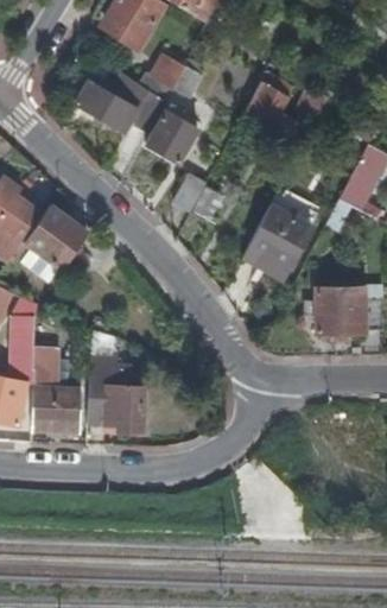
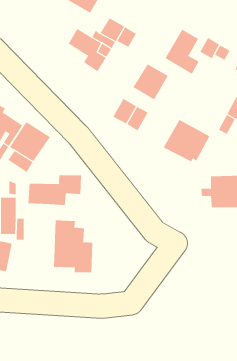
building: [75,80,137,131] -> none
building: [147,110,199,164] -> [133,64,168,100]
building: none -> [28,174,81,206]
building: [31,390,80,432] -> none

